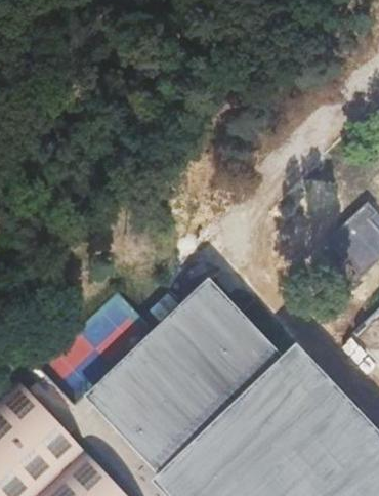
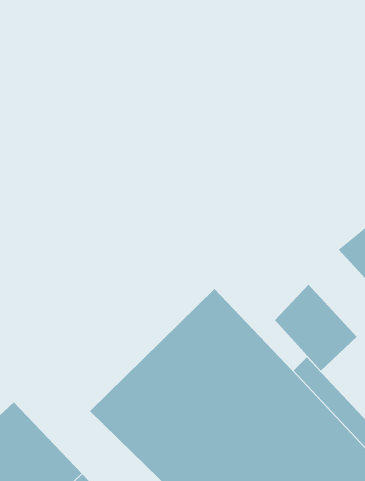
building: none -> [274,284,357,371]

